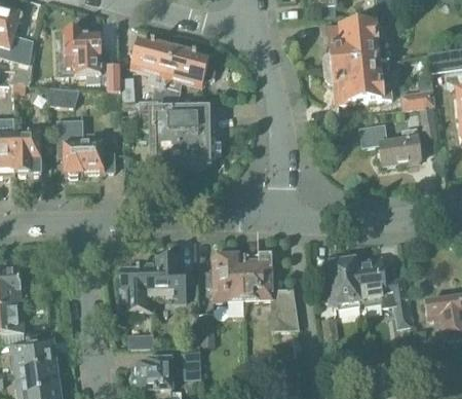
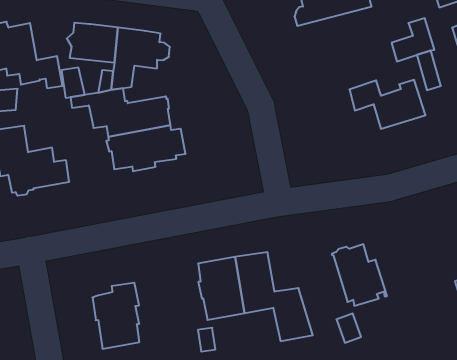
building: [323,61,391,102] -> none
building: [153,256,186,304] -> none
building: [352,256,411,328] -> none

